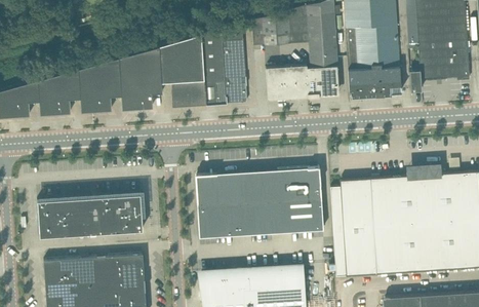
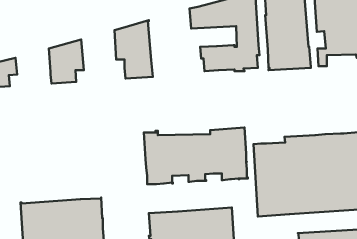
building: [202,24,247,103] -> none
building: [119,46,163,109] -> none
building: [38,69,81,114] -> none
building: [38,192,144,236] -> none

